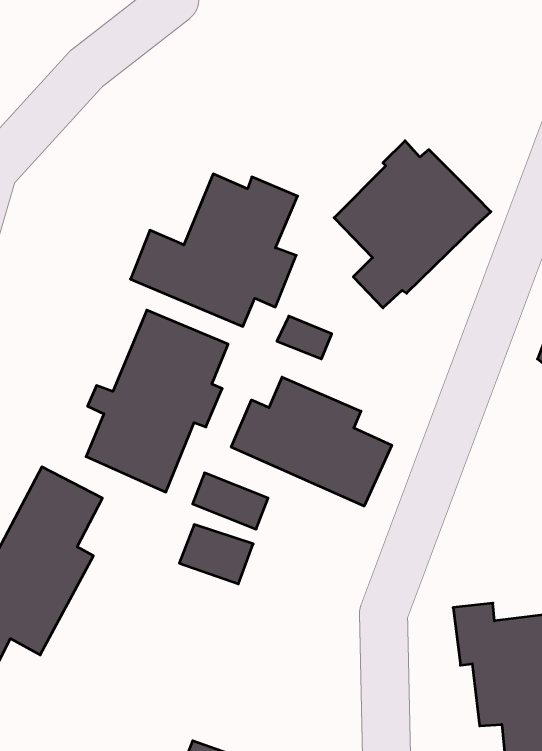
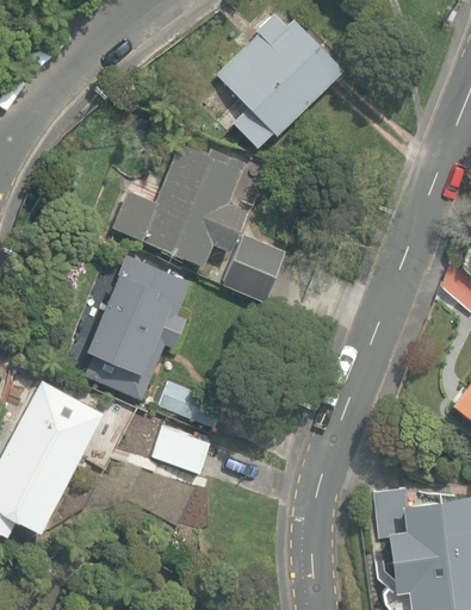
building: [334,141,491,308] -> [217,13,343,148]
building: [231,377,392,506] -> none

